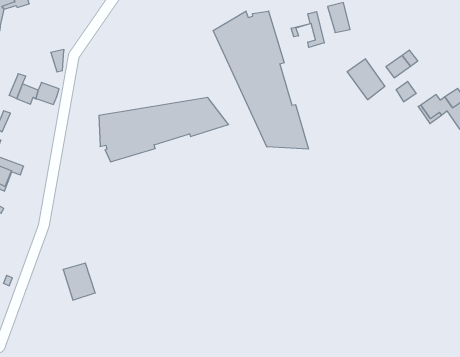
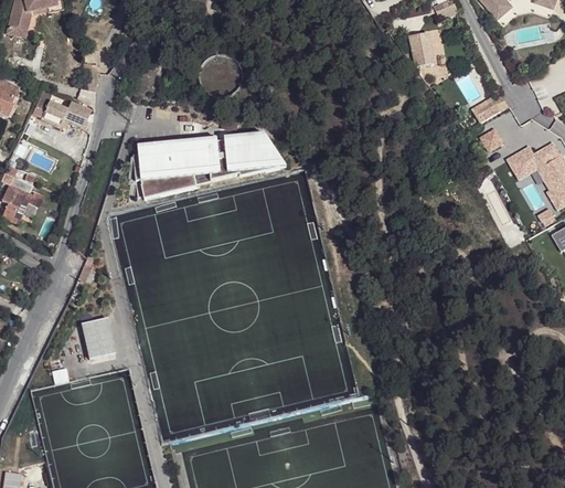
building: [213,11,308,149] -> none
building: [291,12,324,47] -> none
building: [347,59,385,100] -> none

